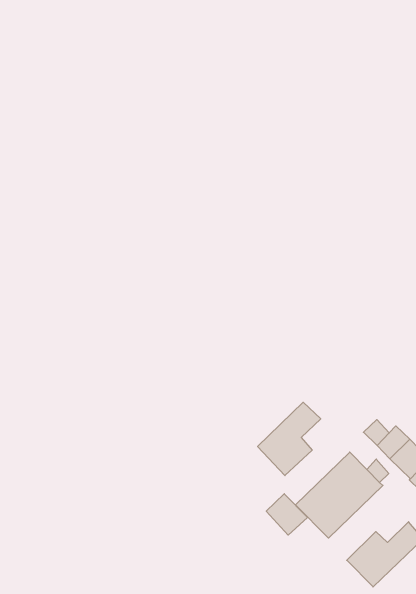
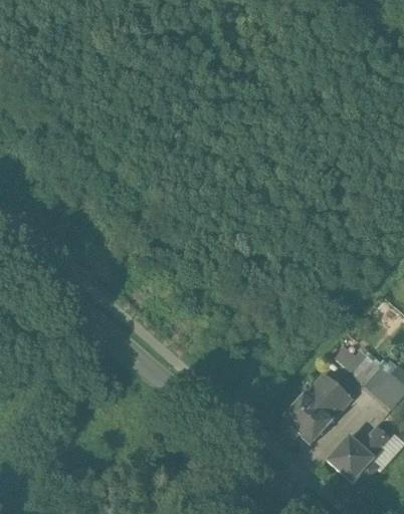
building: [258,402,321,476] -> none
building: [266,494,307,535] -> none

